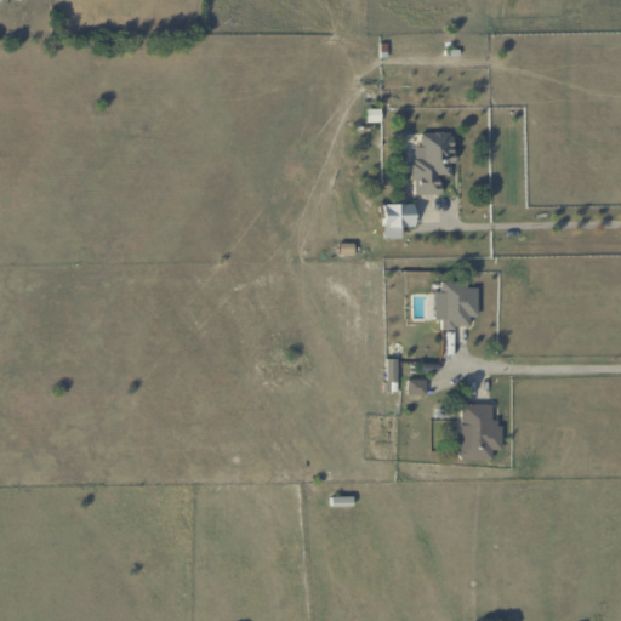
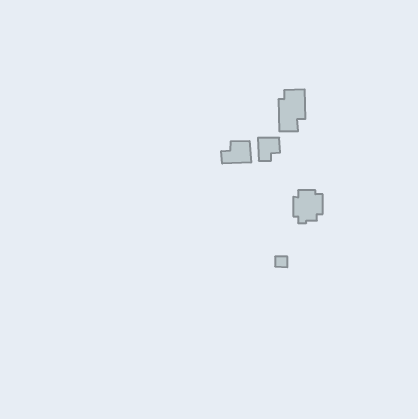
building: none -> [221,141,251,164]
building: [458,404,503,460] -> none

